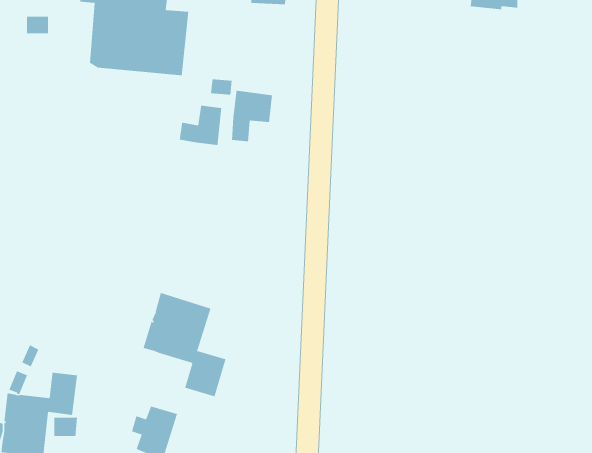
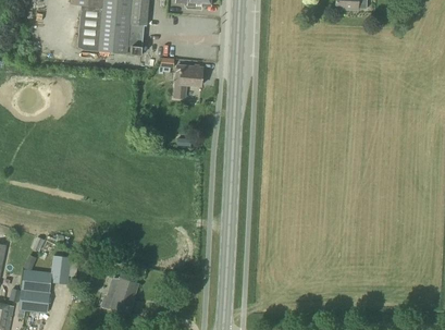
building: [179,105,222,146] -> none
building: [143,292,226,397] -> none

